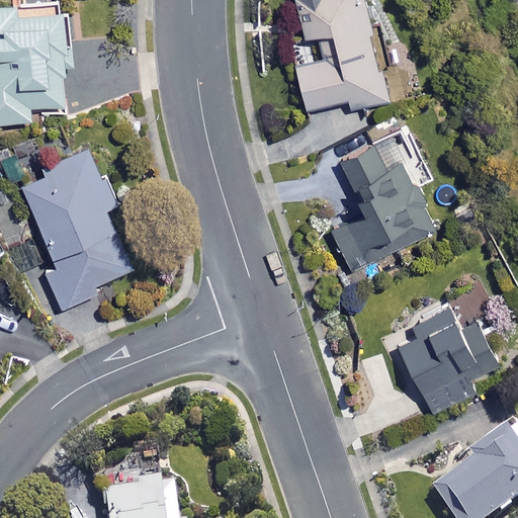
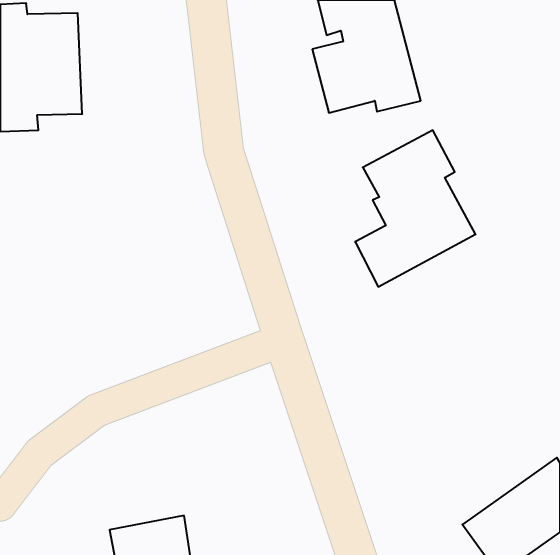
building: [26,152,137,311] -> none
building: [396,308,495,410] -> none

